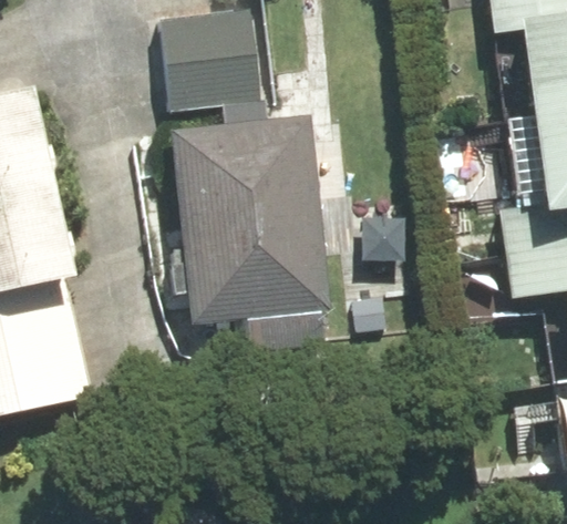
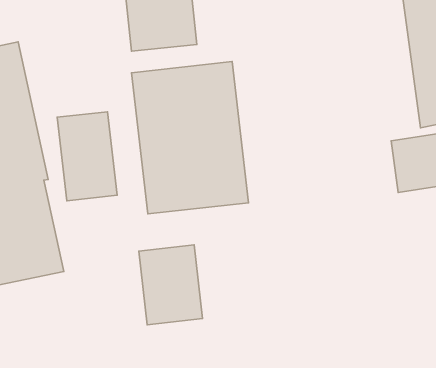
building: none -> [57,112,117,201]
building: none -> [139,245,202,325]

